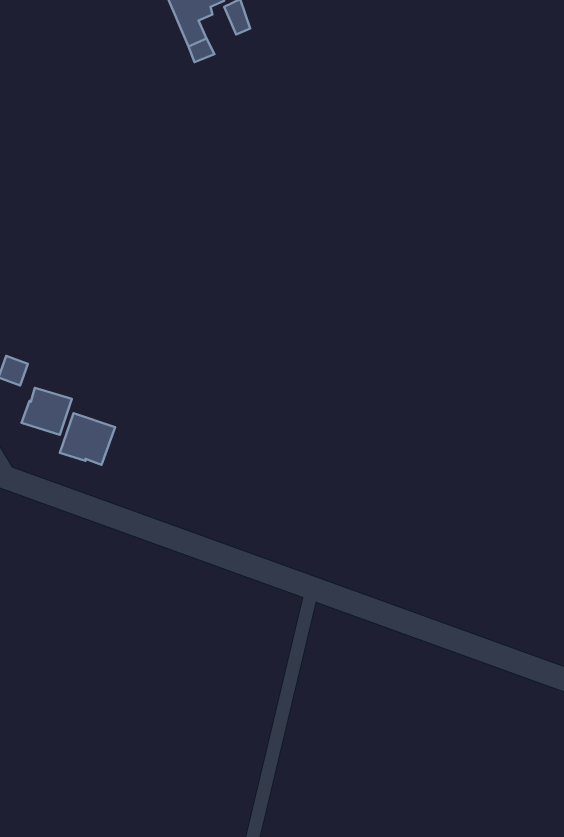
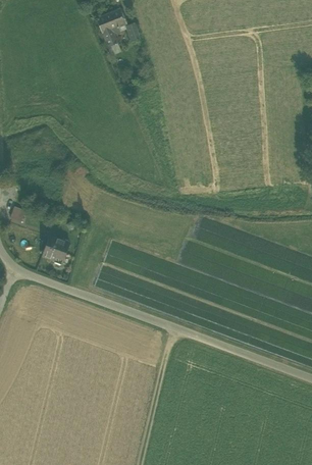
building: [21,388,72,435] -> none

